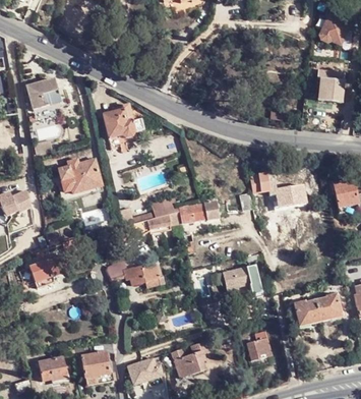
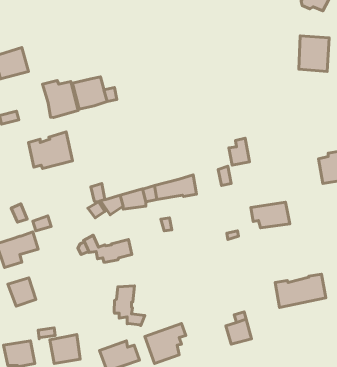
building: none -> [43,81,78,117]
building: [269,182,306,207] -> [251,202,290,228]
building: [224,266,251,290] -> none
building: none -> [8,278,36,306]
building: none -> [114,286,145,325]

